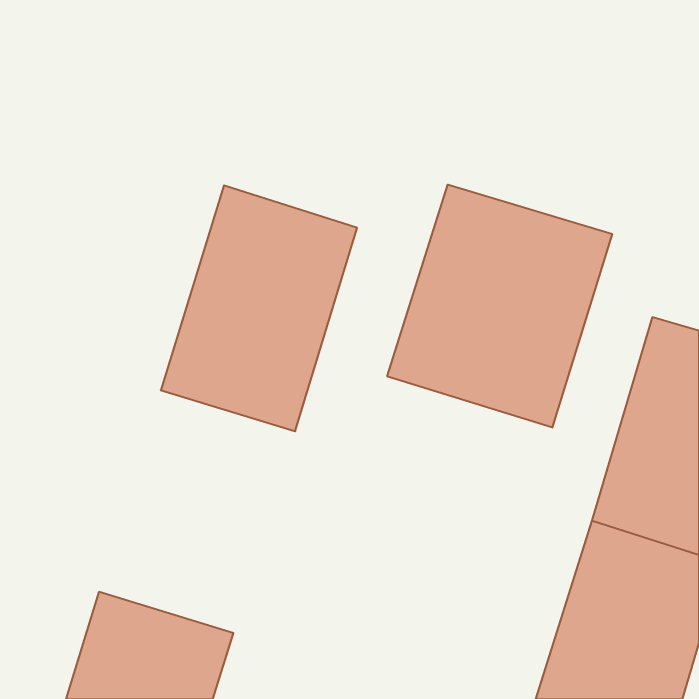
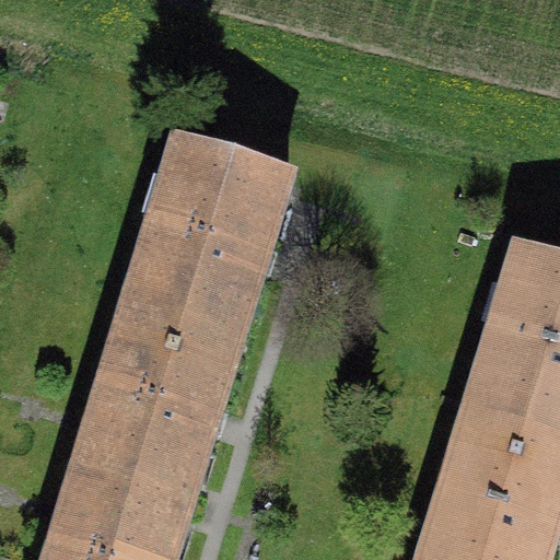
building: [387,185,612,428] -> none
building: none -> [79,311,235,504]

